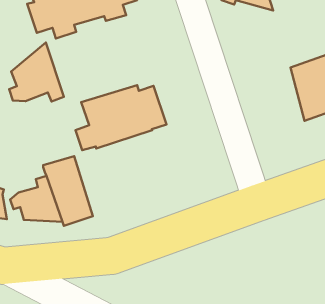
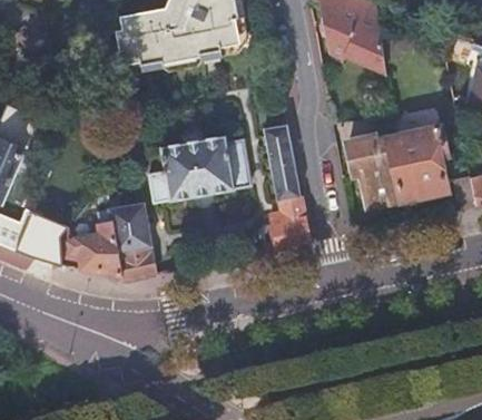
building: [9,42,64,101] -> none
building: none -> [346,137,404,206]
building: none -> [262,124,308,250]

